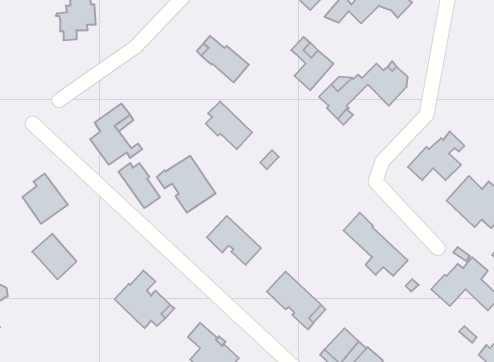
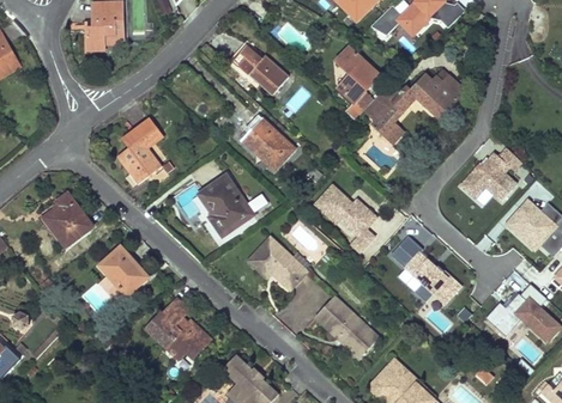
building: [118,163,160,208] -> none
building: none -> [316,187,380,254]
building: [32,234,76,279] -> [101,248,149,297]

